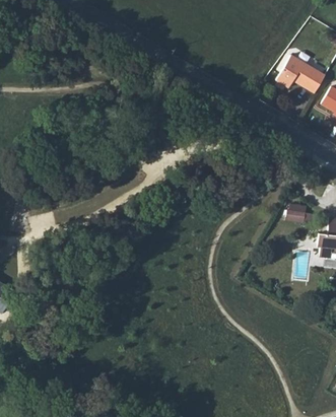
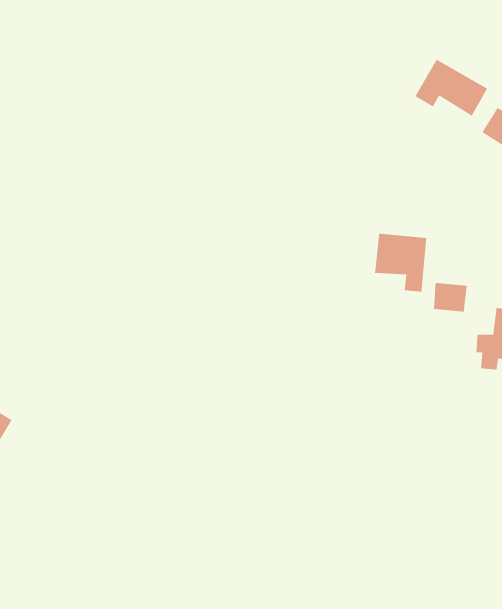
building: none -> [375,233,427,292]

